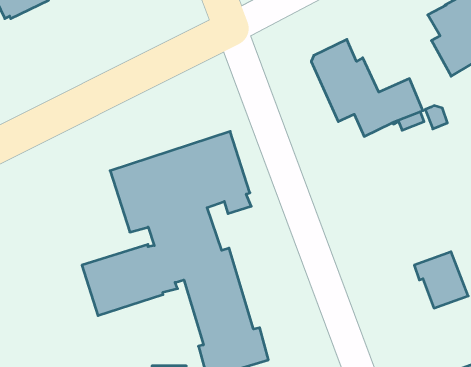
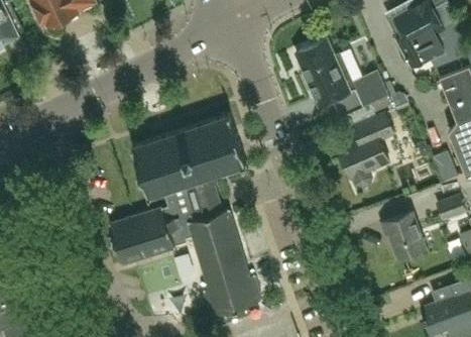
building: none -> [337,115,393,190]

